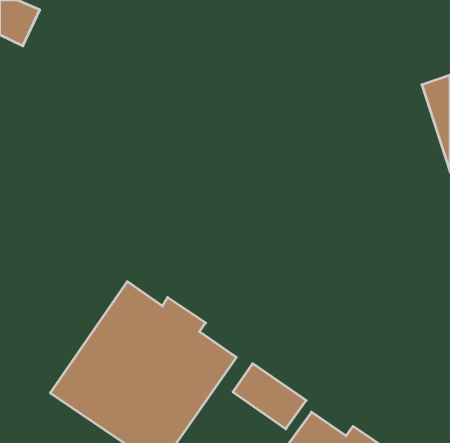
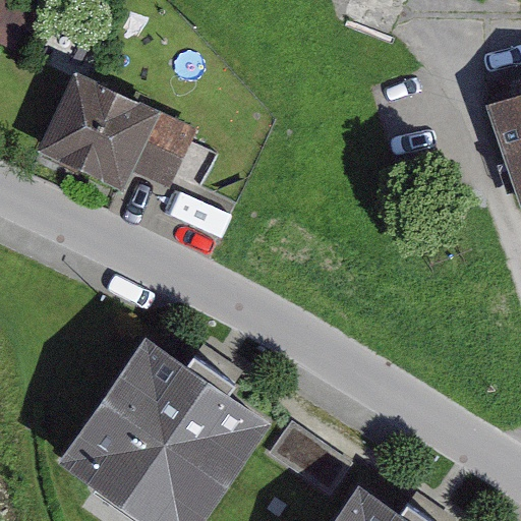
building: none -> [38,75,199,196]

